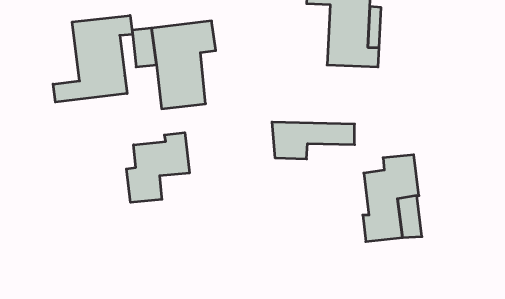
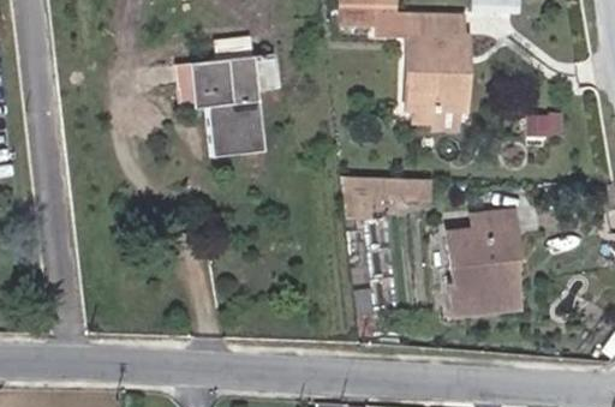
building: [53,15,133,102] -> none
building: [126,133,189,202] -> none

